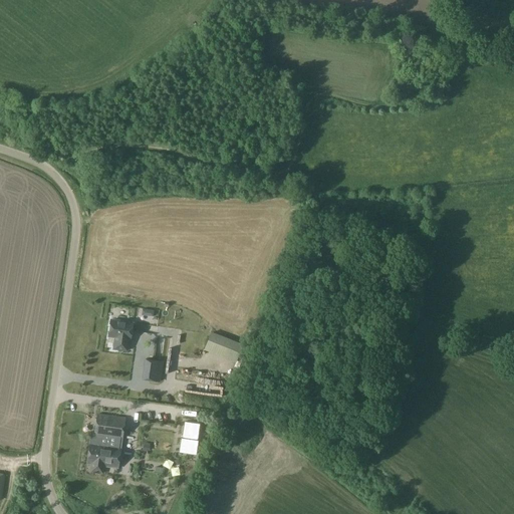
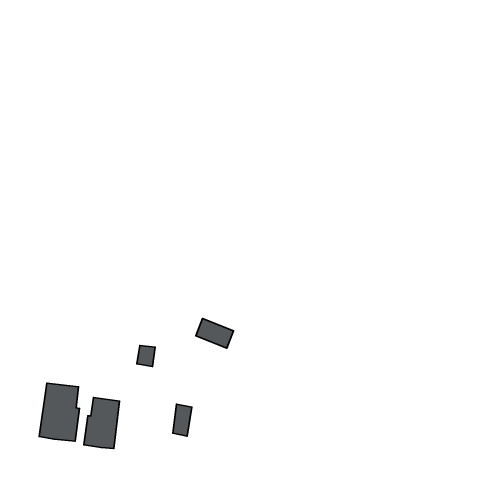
building: [109,319,134,350] -> none
building: none -> [39,383,80,441]

